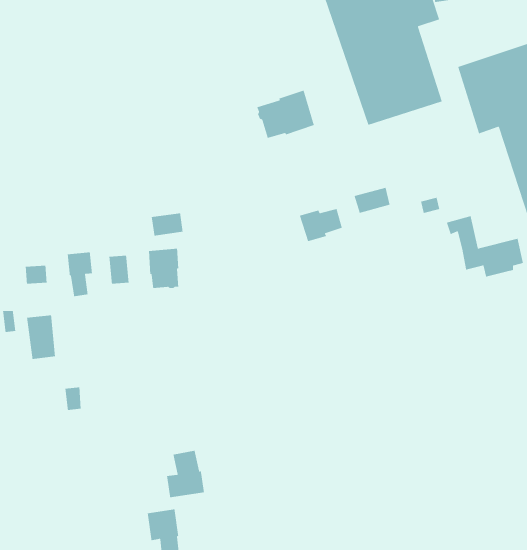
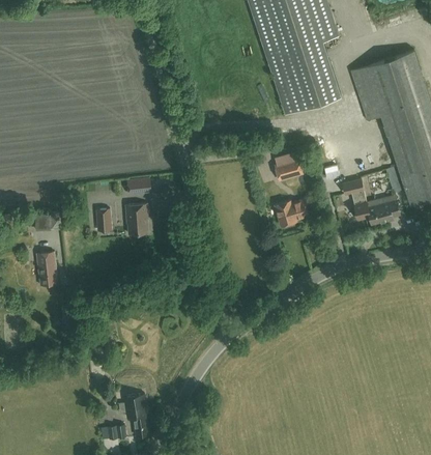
building: [256,90,315,139] -> none
building: [299,208,343,242] -> [275,200,307,225]
building: [67,251,93,297] -> none
building: [166,450,205,498] -> none

